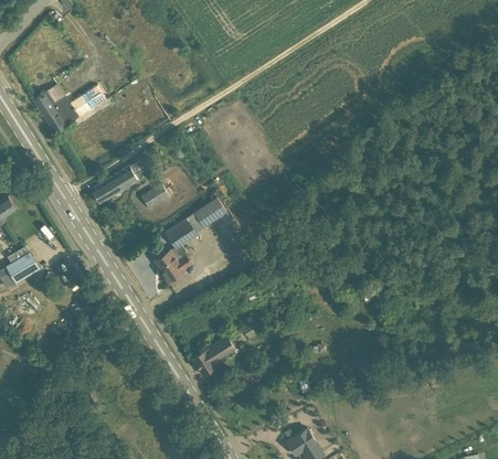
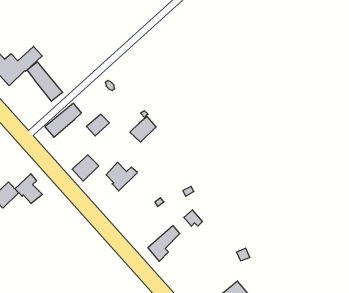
building: none -> [27,62,63,101]
building: [165,218,198,249] -> [72,155,99,181]
building: none -> [15,174,42,204]

